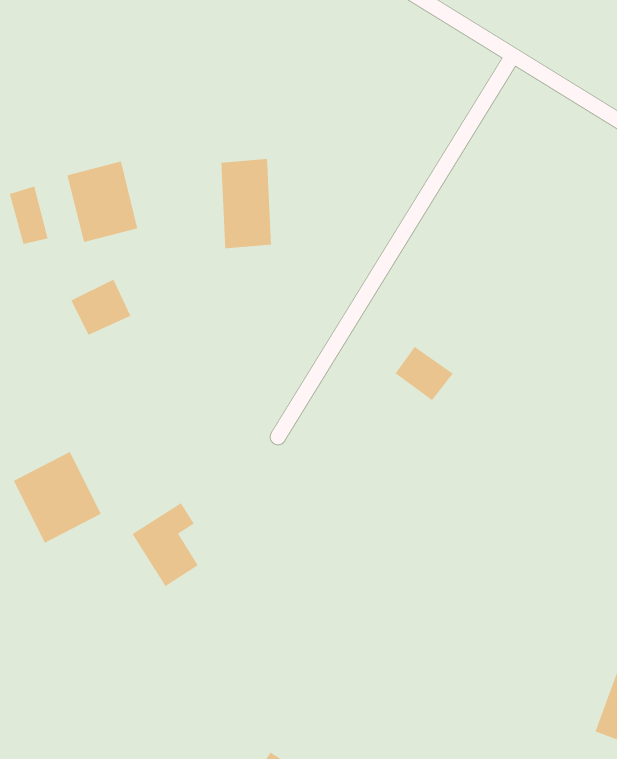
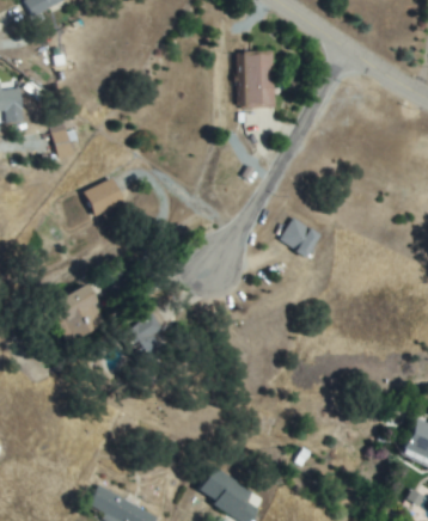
building: [220,158,272,249] -> [241,53,273,108]
building: [67,161,138,243] -> none

